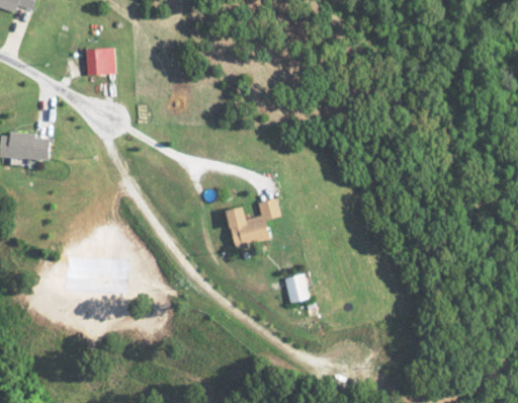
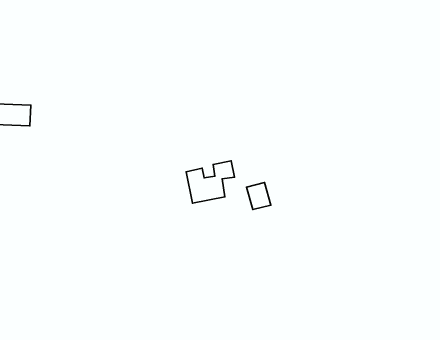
building: [83,48,114,75] -> none
building: [281,273,309,304] -> [247,183,271,210]

